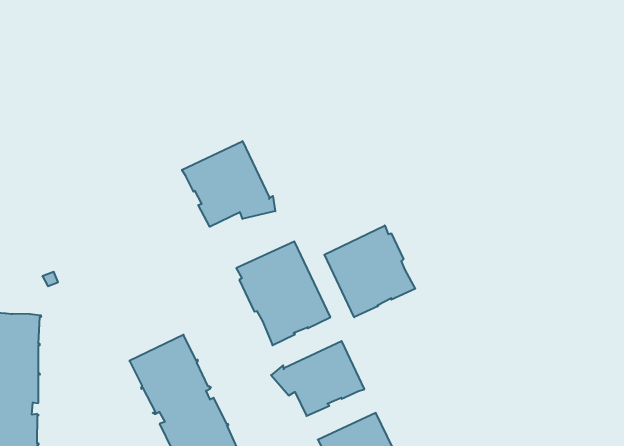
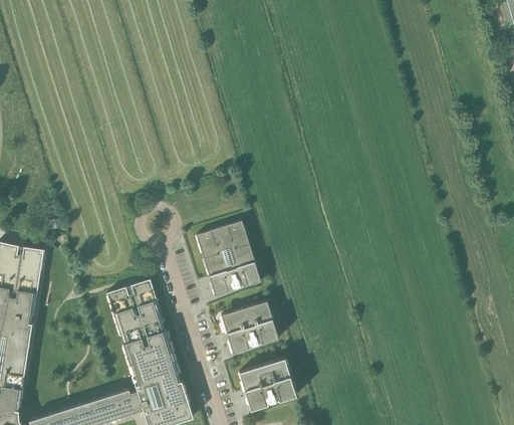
building: [182,141,275,227] -> none
building: [324,225,415,317] -> none

